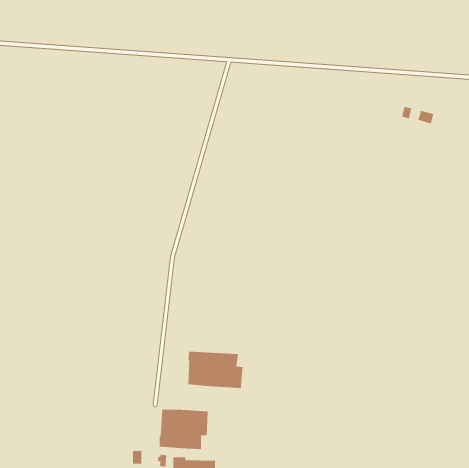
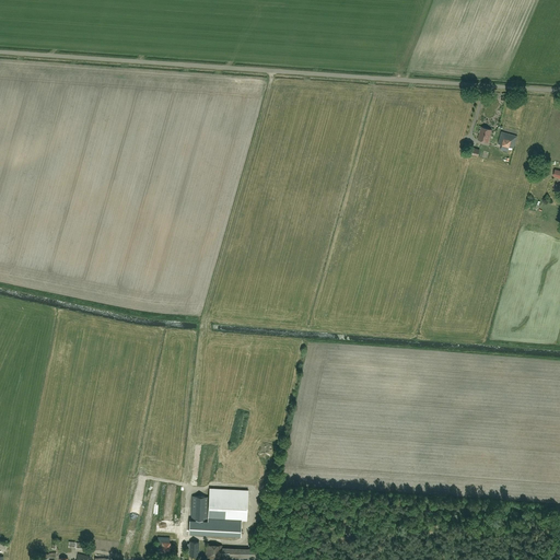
building: [188,351,243,389] -> none

